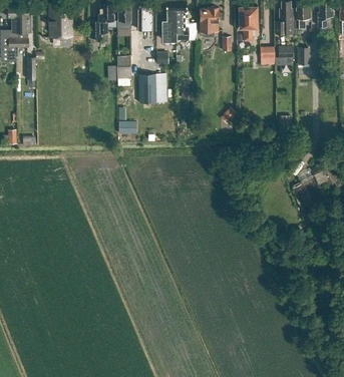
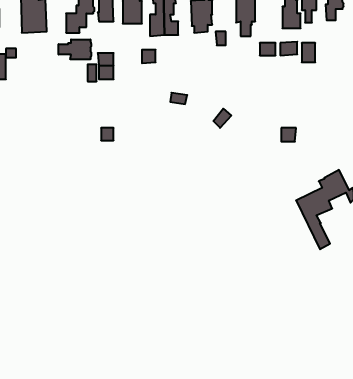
building: none -> [59,39,91,59]
building: [138,74,166,103] -> none

